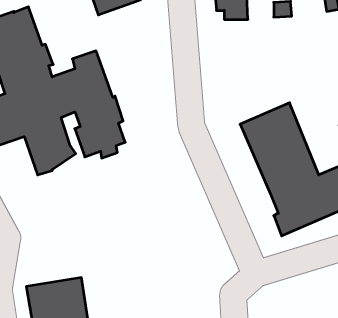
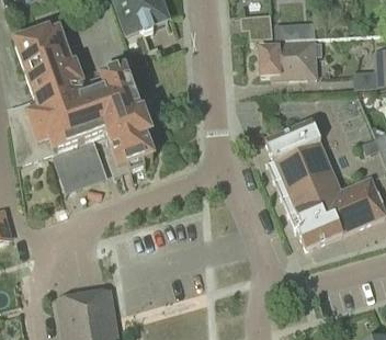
building: none -> [259,41,315,78]

